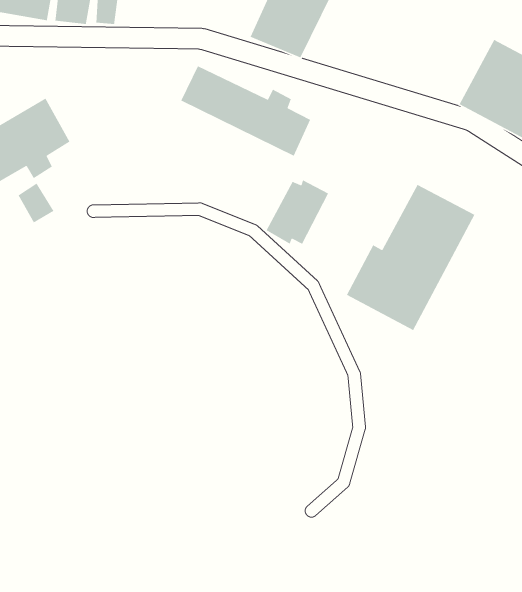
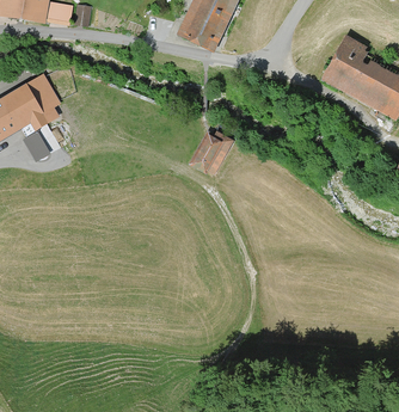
building: [180,65,311,157] -> none
building: [346,184,476,331] -> none

